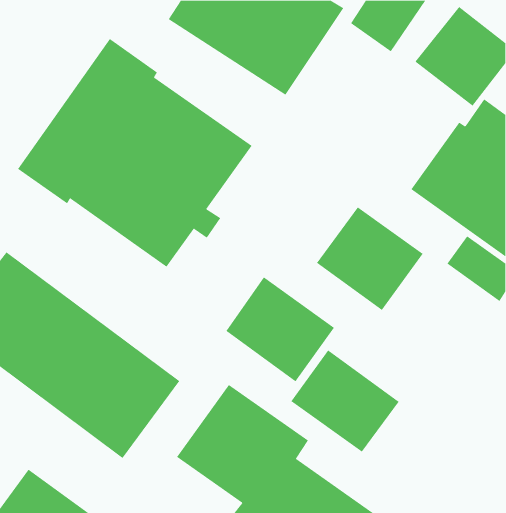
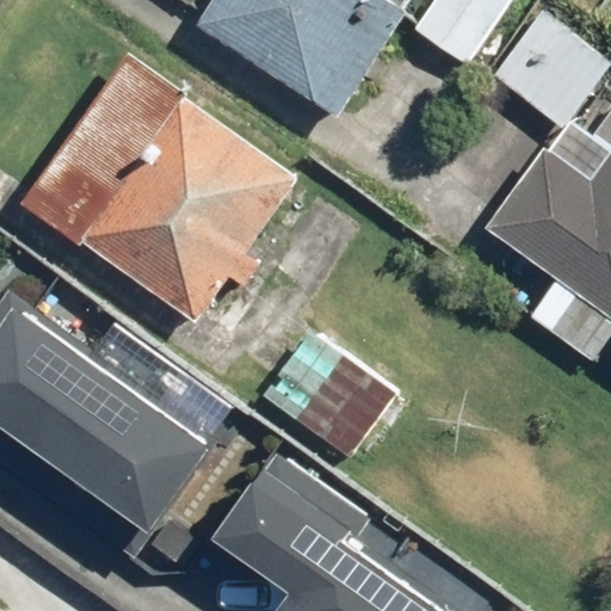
building: [316,207,423,311] -> none
building: [291,350,400,452] -> none

